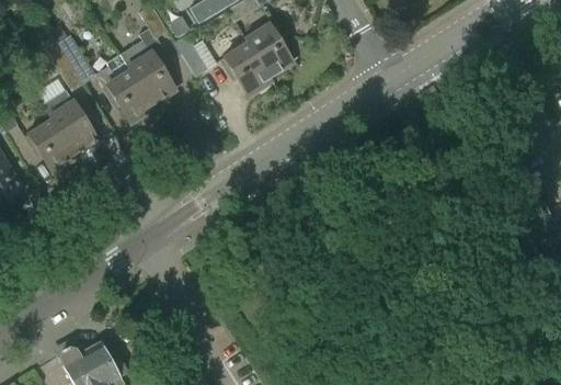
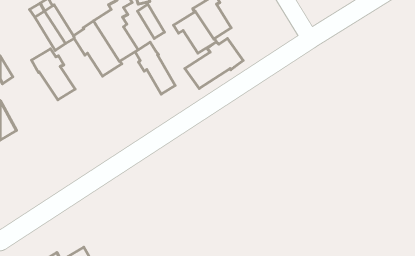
building: none -> [185,39,243,88]
building: none -> [135,42,175,94]
building: [24,118,77,173] -> none

